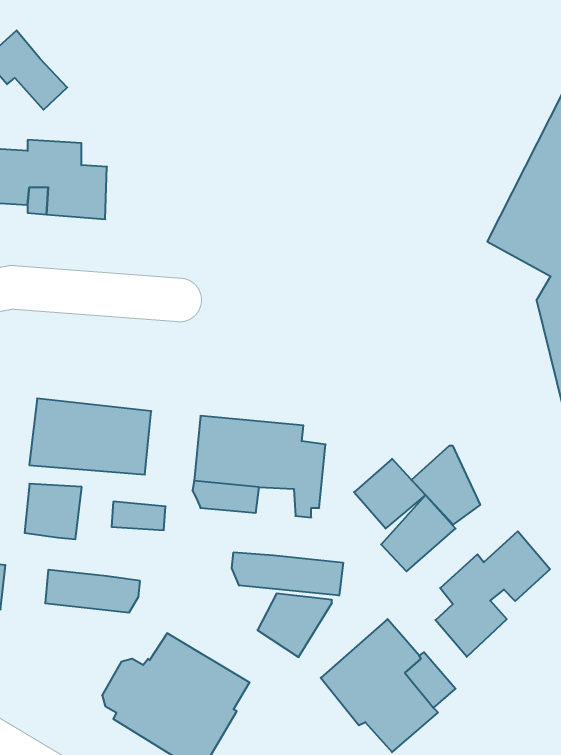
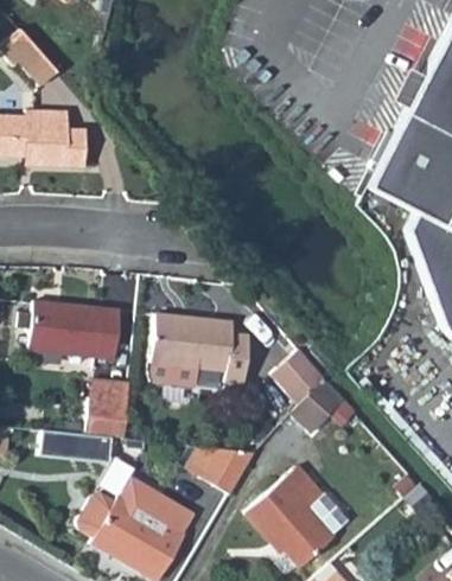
building: [411,446,480,524] -> none
building: [25,484,82,539] -> [87,397,129,439]
building: [435,531,550,657] -> none
building: [232,552,343,596] -> none

